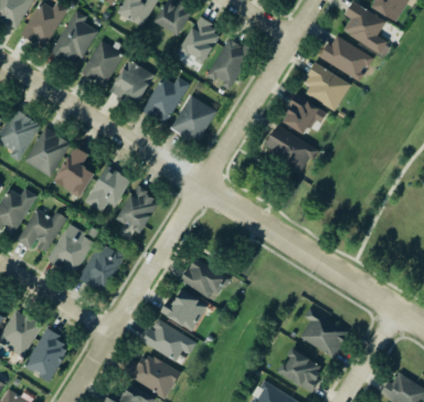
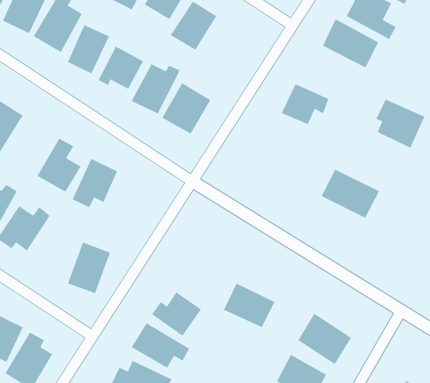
building: [206,38,250,88] -> none
building: [304,64,350,110] -> [376,99,425,149]
building: [262,126,317,172] -> [321,169,380,218]
building: [25,128,67,176] -> none
building: [116,186,160,232] -> none
building: [47,224,94,274] -> none
building: [180,257,229,299] -> [223,283,275,328]

